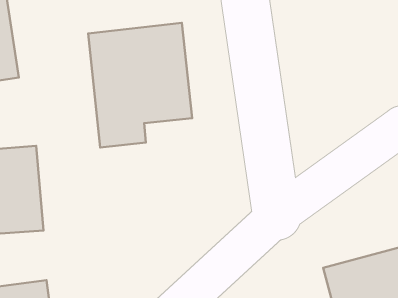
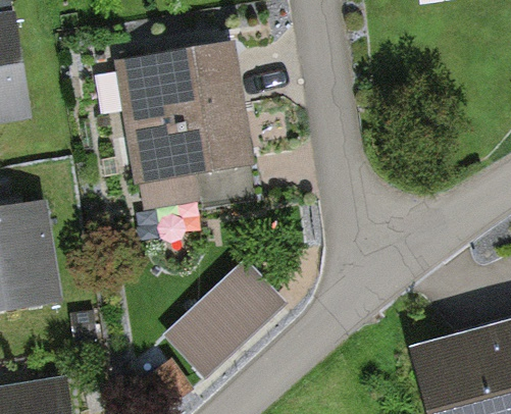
building: none -> [162,257,284,374]

